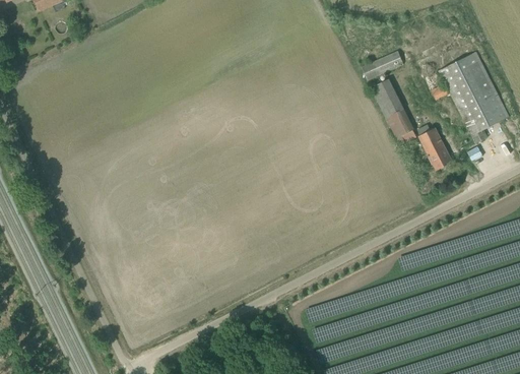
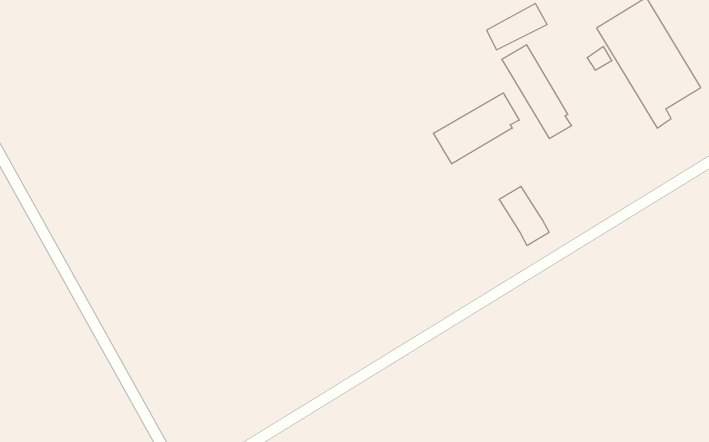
building: none -> [433,93,519,164]
building: [418,127,452,169] -> [499,186,549,245]

